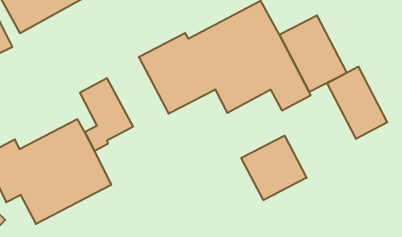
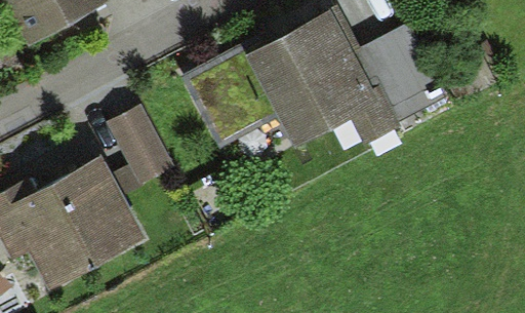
building: [327,67,387,139] -> none
building: [241,136,307,200] -> none

